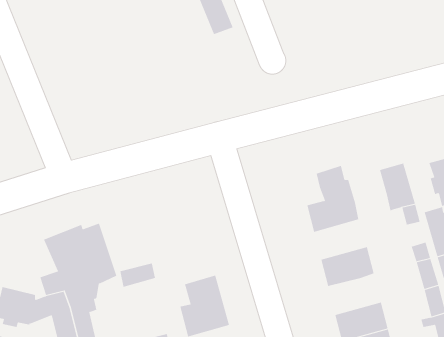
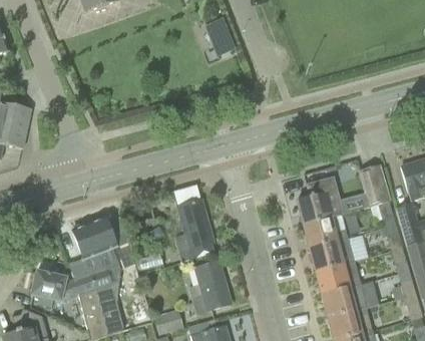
building: none -> [174,200,214,253]
building: none -> [303,214,349,248]
building: none -> [315,260,361,295]

